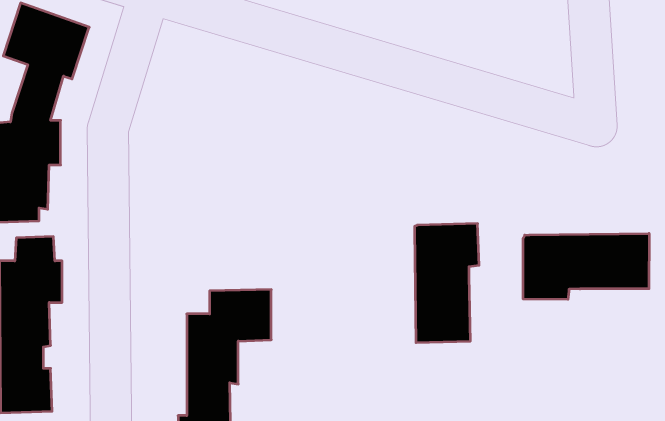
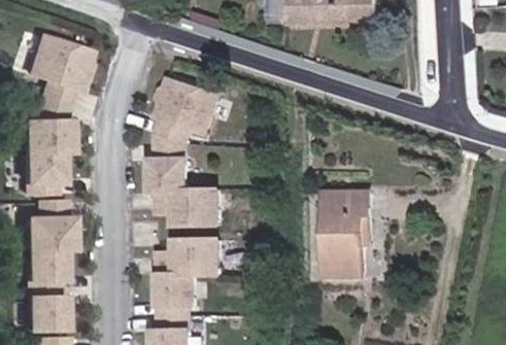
building: none -> [154,75,222,226]
building: [523,233,649,299] -> none

